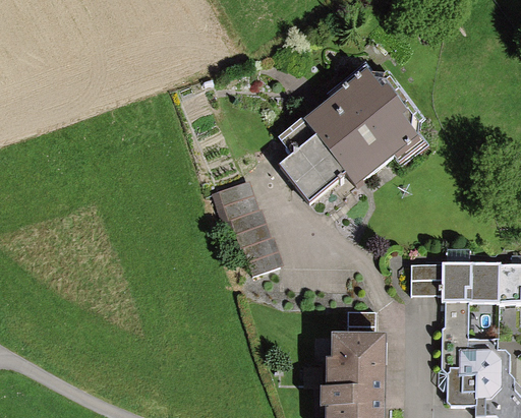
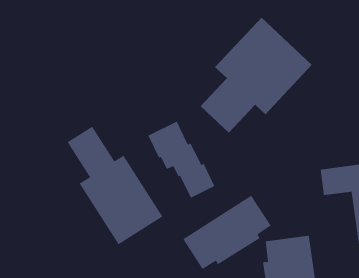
building: none -> [67,126,163,245]
building: none -> [182,195,271,270]

